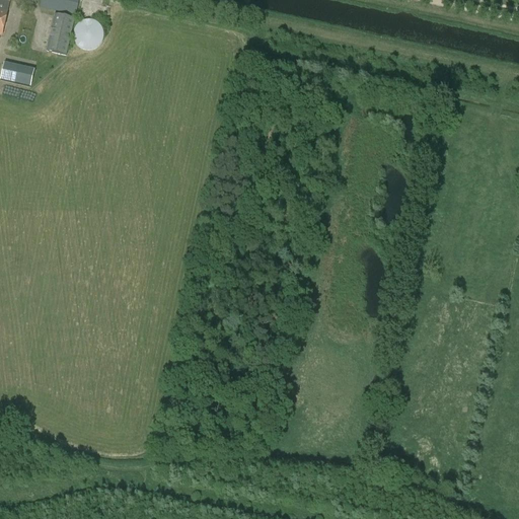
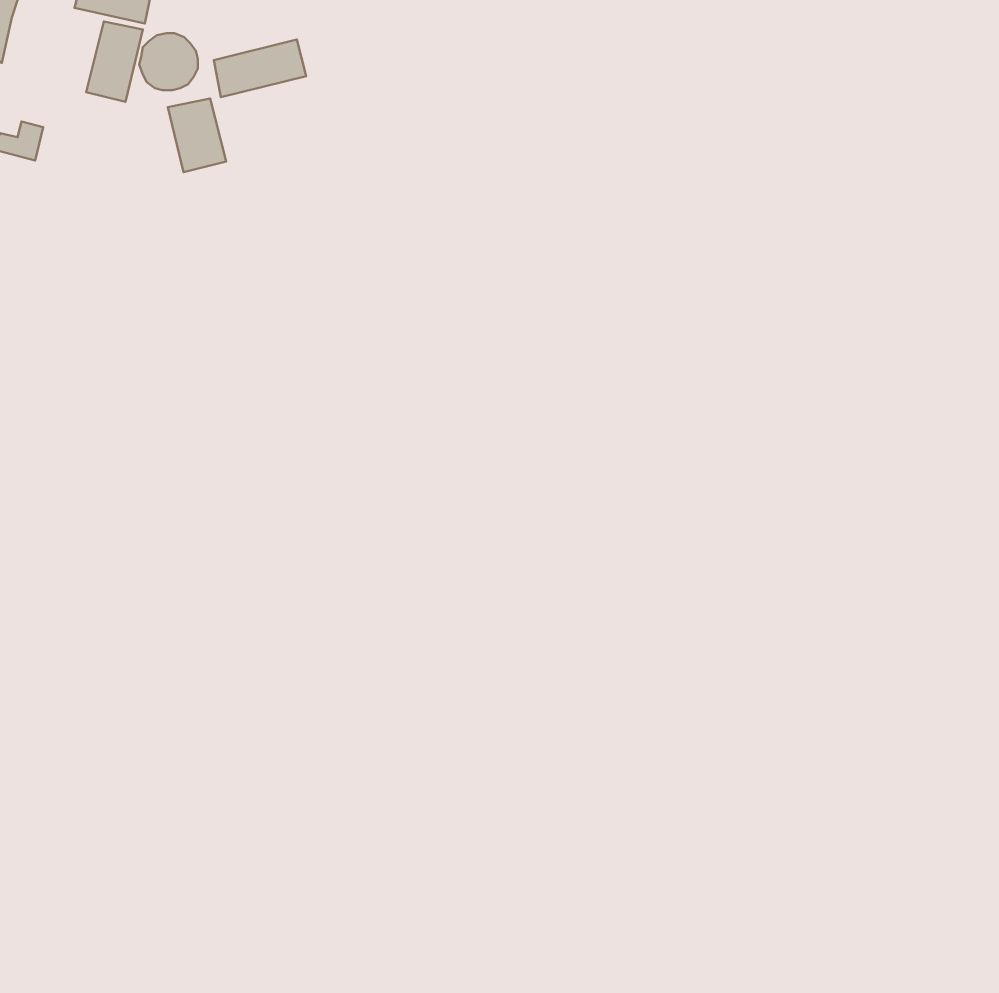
building: none -> [214,40,306,97]
building: none -> [168,98,226,172]

